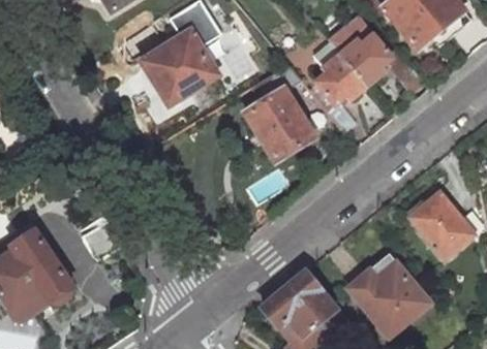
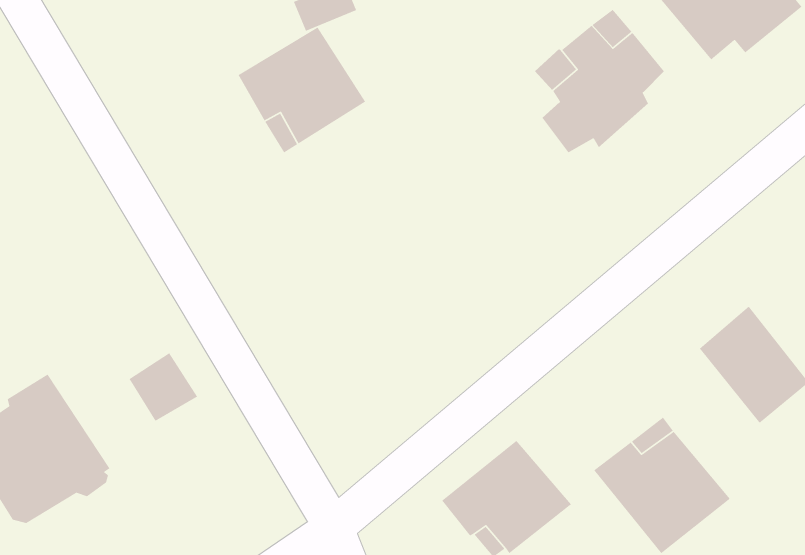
building: [248,65,317,162] -> none

